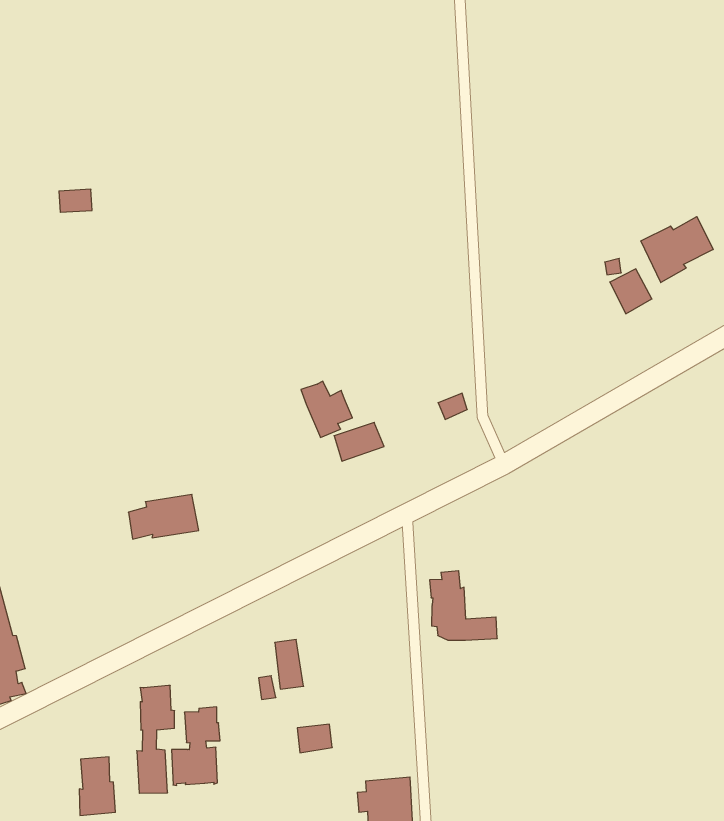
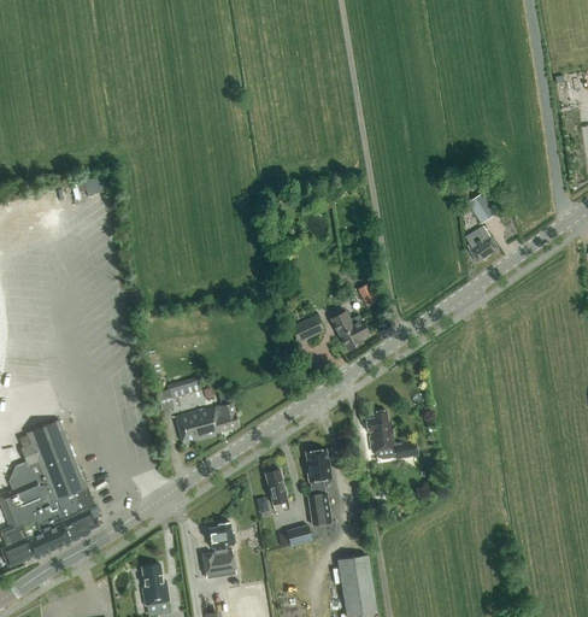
building: [641,217,713,283] -> none
building: none -> [464,225,496,260]
building: [301,381,352,437] -> [330,311,367,349]
building: none -> [175,402,237,445]
building: [137,685,175,793] -> [304,448,330,524]

